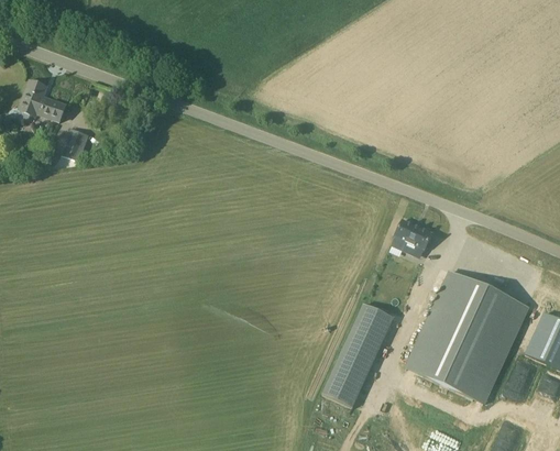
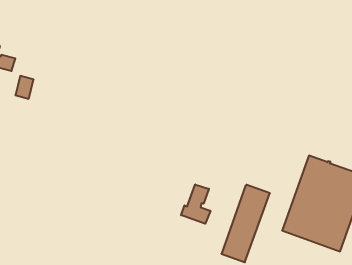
building: [395,219,432,254] -> none
building: none -> [181,184,210,224]

